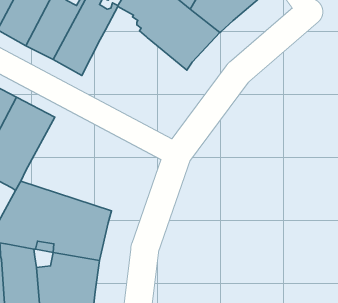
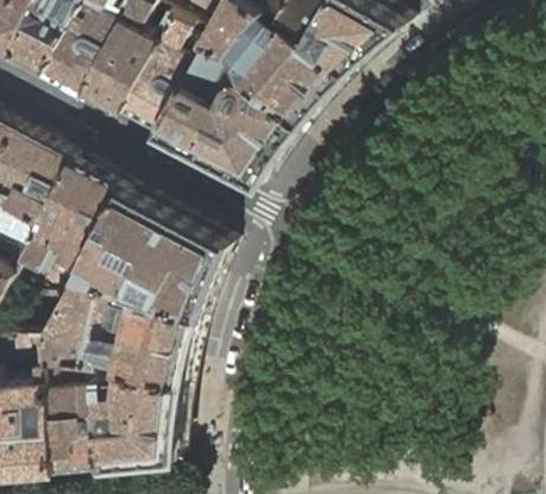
building: none -> [157,39,300,187]
building: none -> [74,190,225,318]

